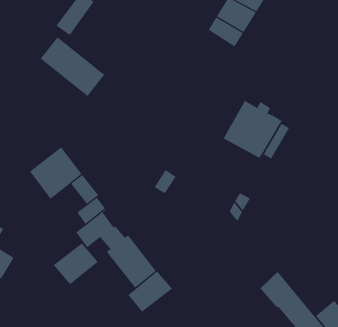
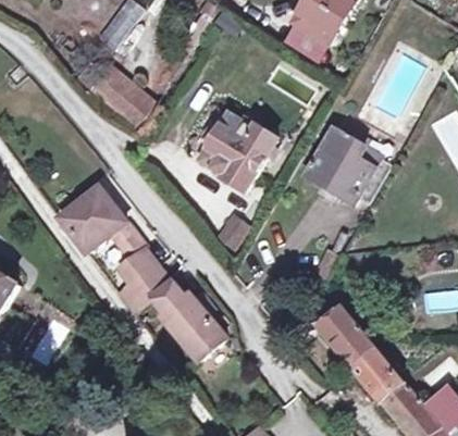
building: none -> [198,113,275,191]
building: none -> [314,299,371,365]
building: [53,243,98,285] -> none
building: [127,271,173,312] -> none

